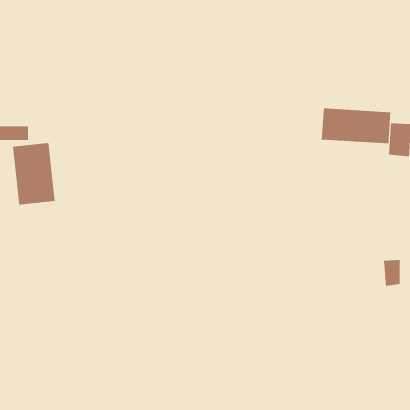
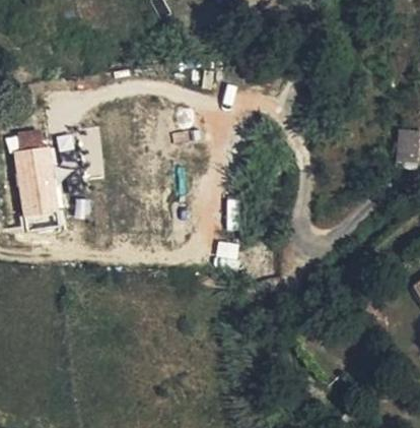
building: [321,108,391,144] -> none

